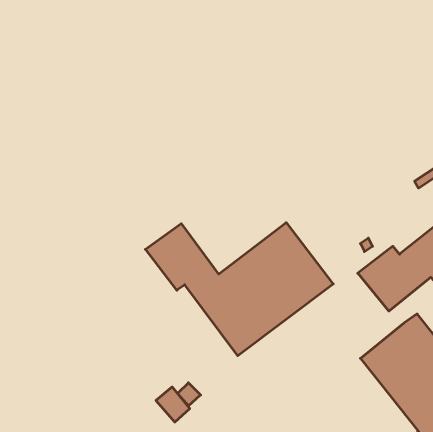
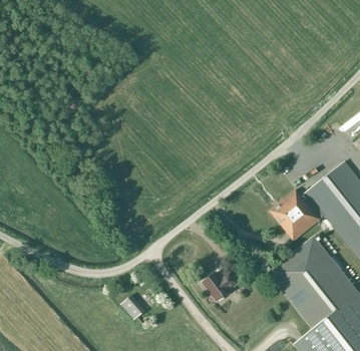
building: [145,223,333,356] -> none
building: none -> [202,269,241,302]

